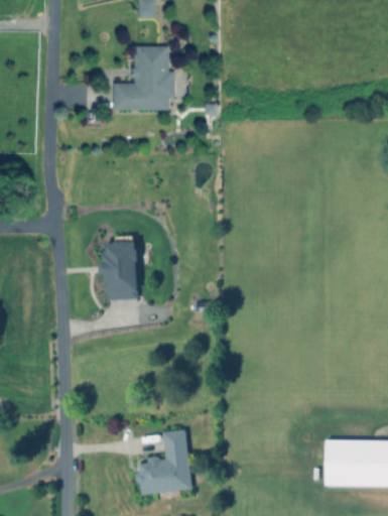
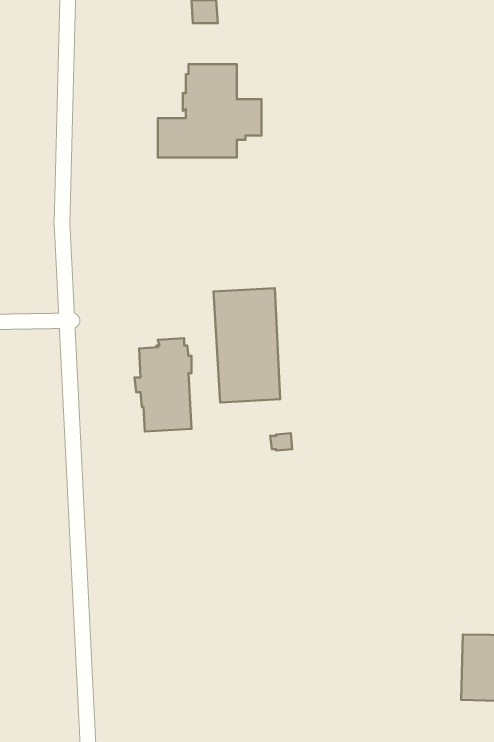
building: none -> [213,288,280,403]
building: [135,429,191,495] -> none

